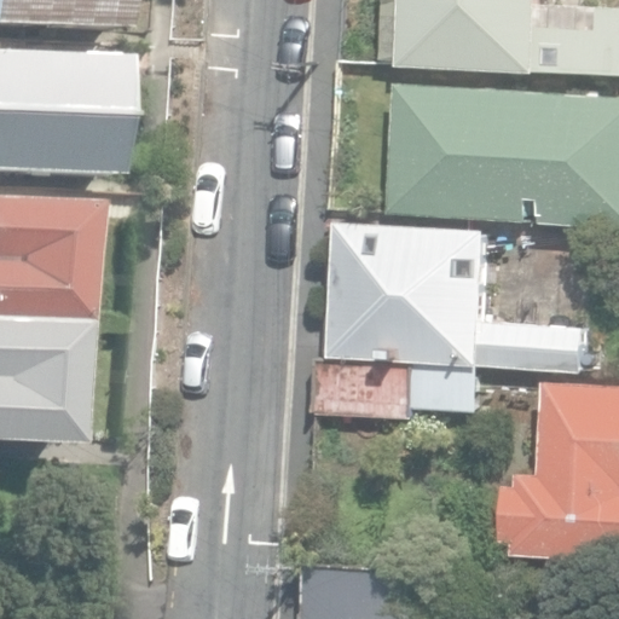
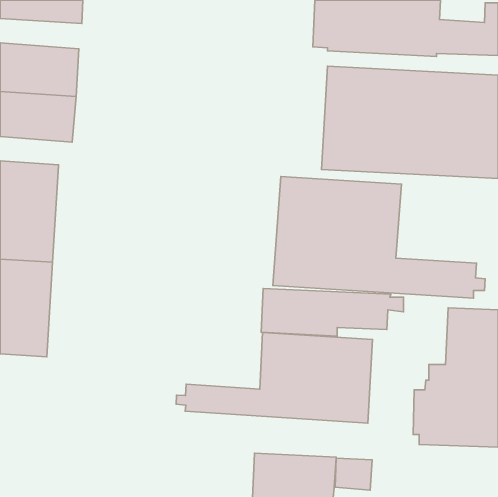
building: none -> [176,332,373,423]

